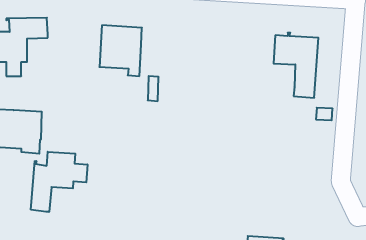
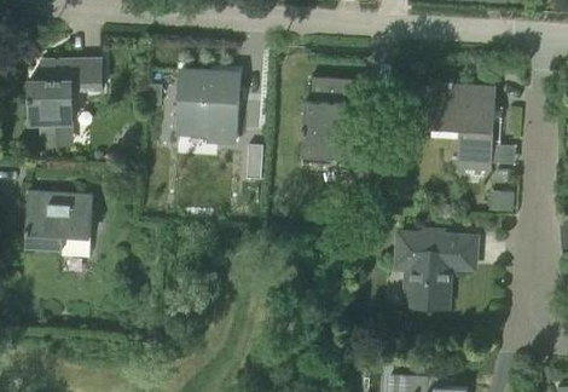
building: none -> [302,76,364,157]
building: none -> [395,232,475,306]
building: [31,152,87,212] -> none

